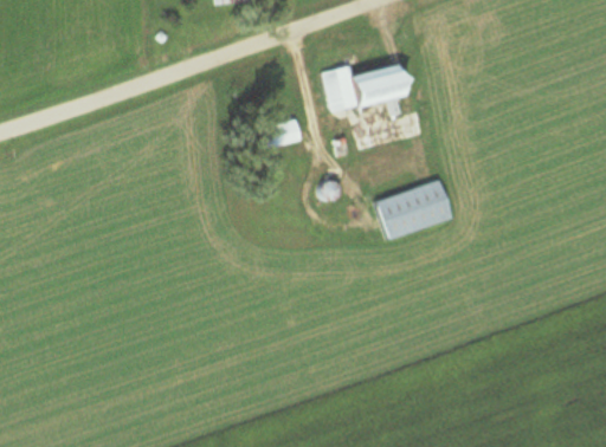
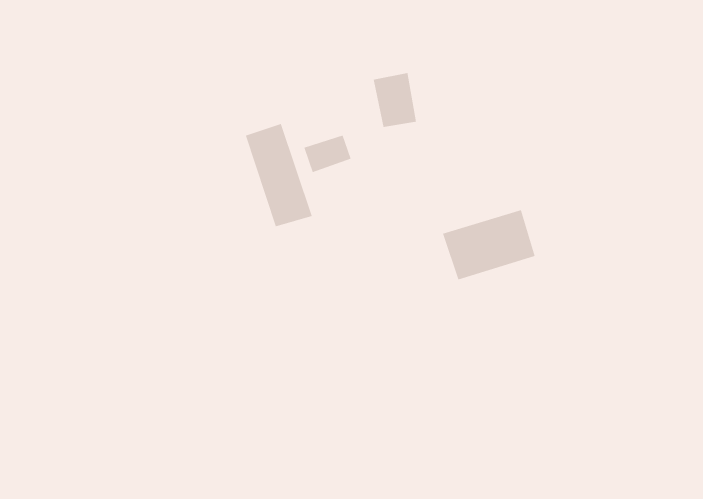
building: [356,64,417,105] -> none
building: none -> [245,123,312,227]

